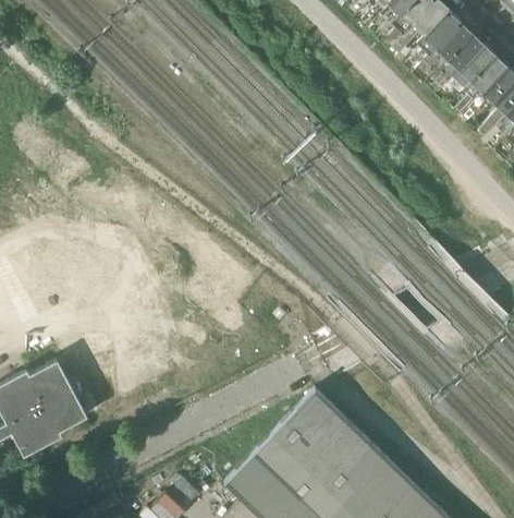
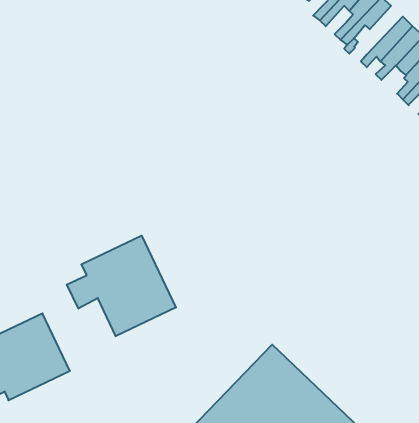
building: [415,11,463,65] -> none
building: none -> [67,236,176,336]

